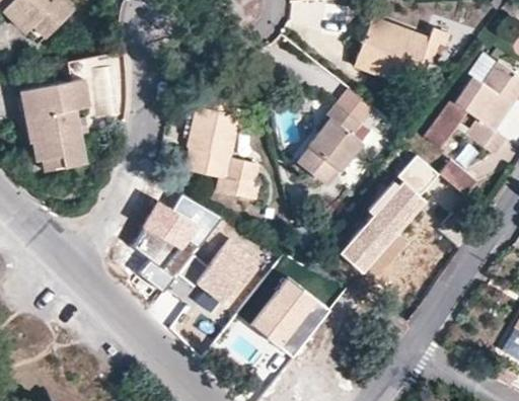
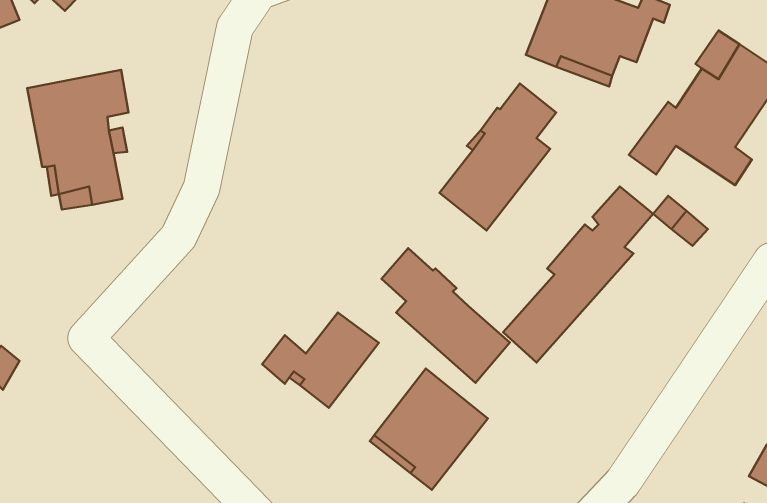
building: [187,93,260,200] -> none
building: [133,193,223,294] -> none
building: none -> [382,248,510,383]

